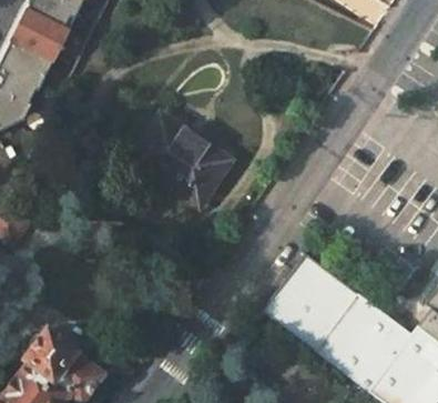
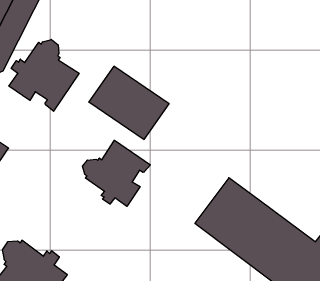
building: none -> [9,39,79,111]
building: none -> [83,140,150,206]

